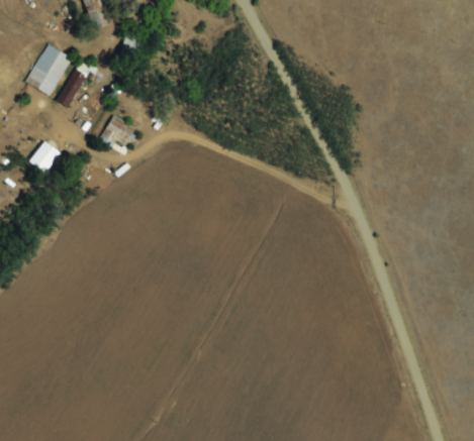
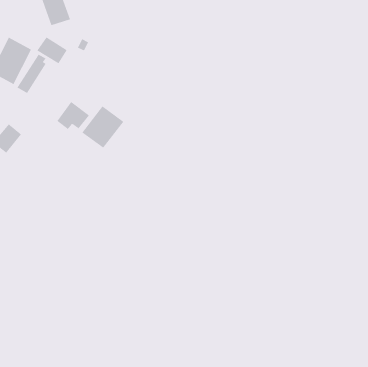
building: none -> [36,36,68,64]
building: none -> [82,105,124,149]

